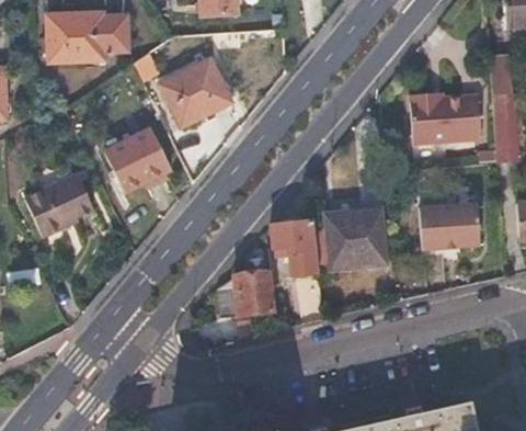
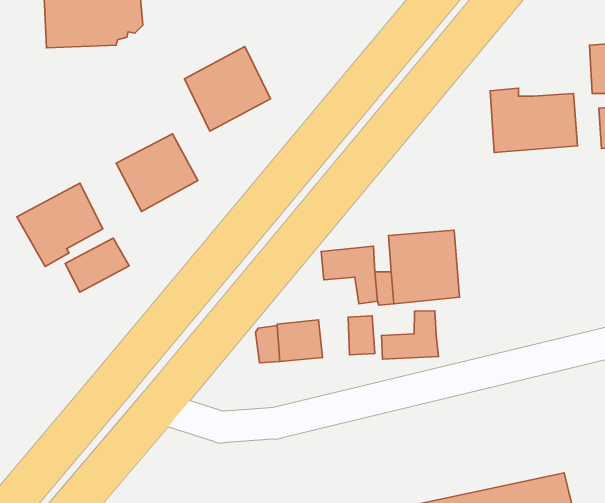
building: [419,203,480,250] -> none
building: none -> [65,238,129,292]
building: none -> [381,311,438,359]

